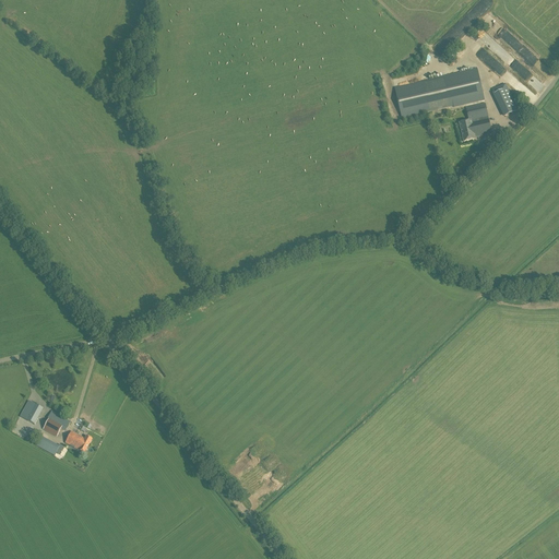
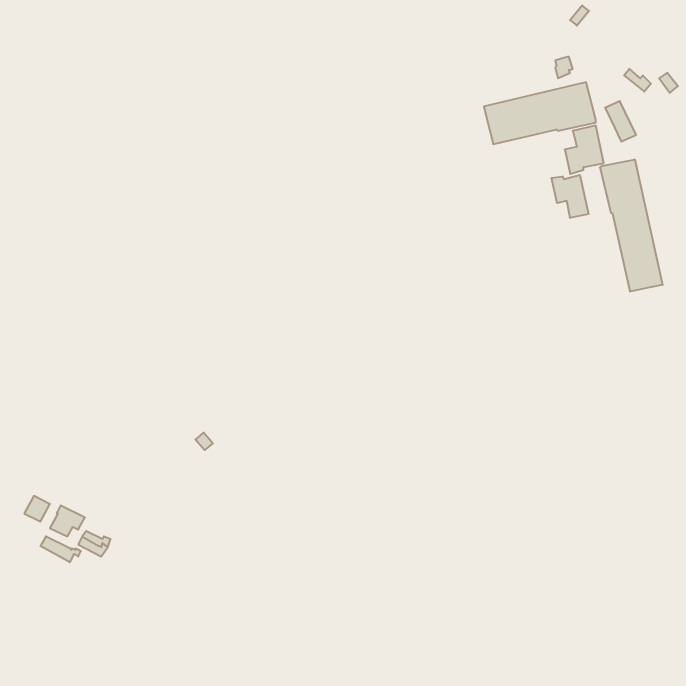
building: none -> [600,159,663,292]
building: none -> [551,175,589,218]

